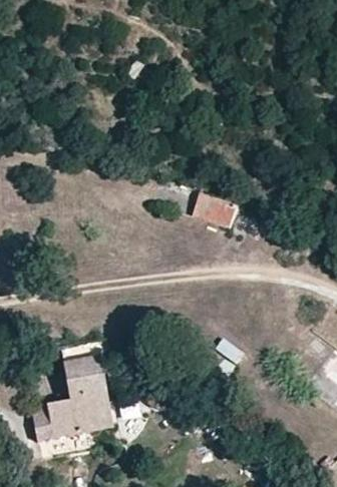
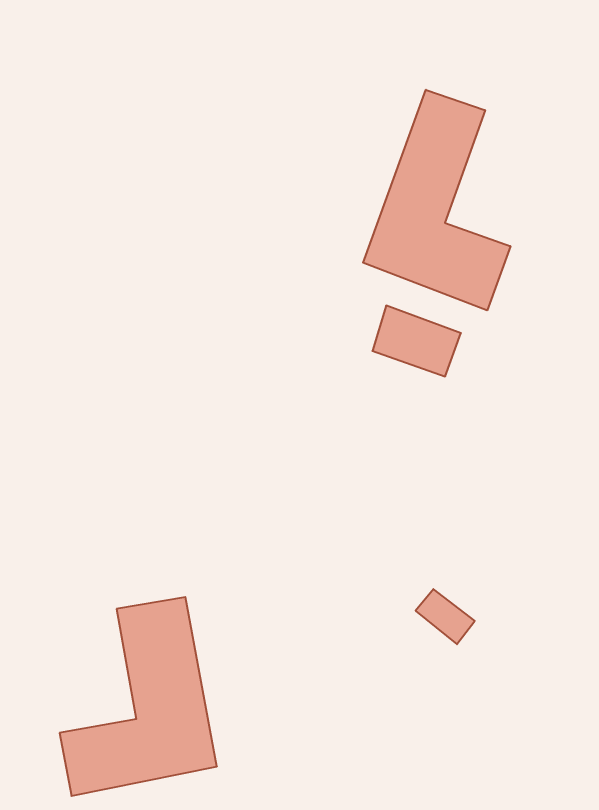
building: none -> [363,90,510,310]

